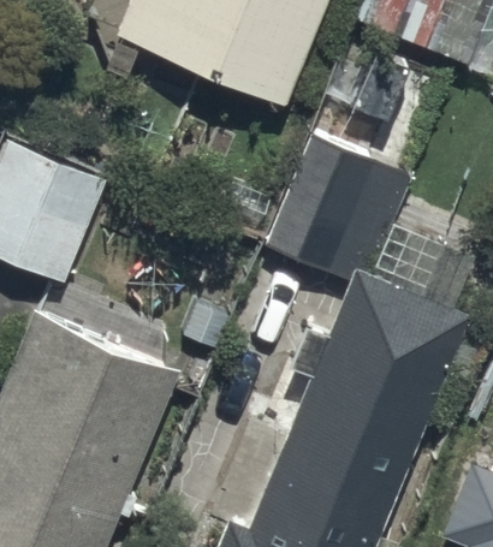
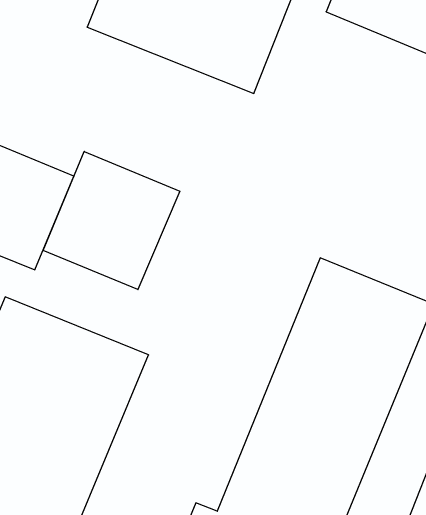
building: [267,137,412,275] -> none
building: none -> [43,151,180,290]

